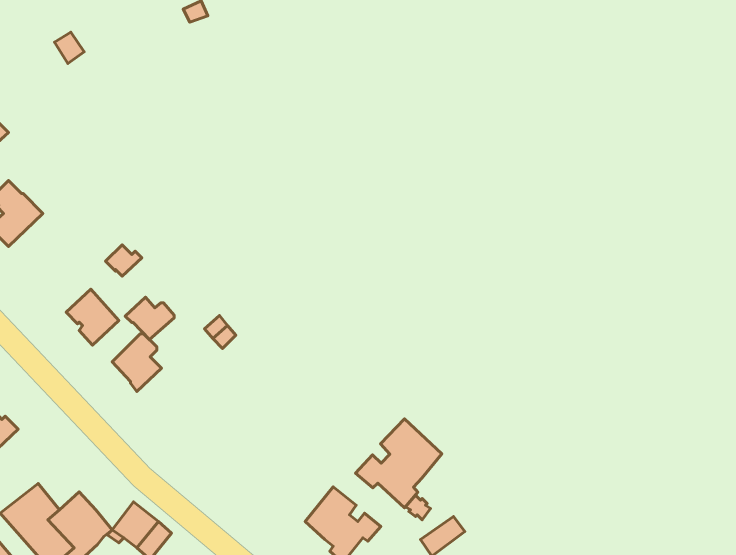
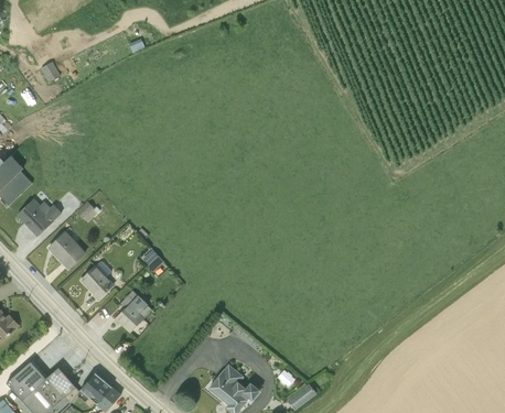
building: none -> [17,198,62,236]
building: [125,297,174,339] -> none
building: none -> [116,291,151,332]
building: [355,419,442,508] -> none

